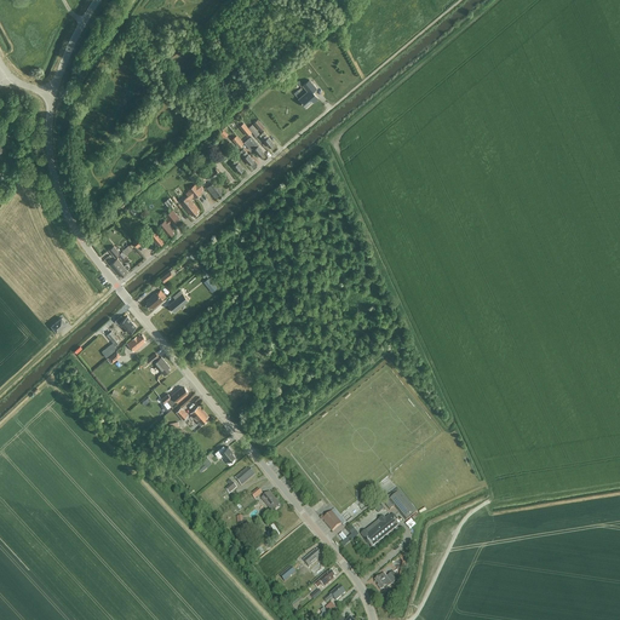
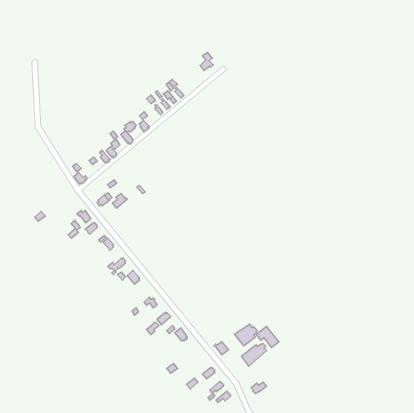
building: none -> [234,324,257,346]

